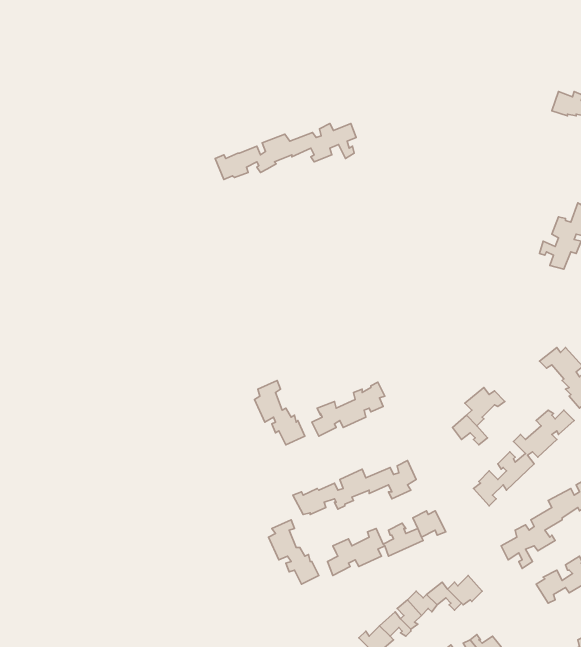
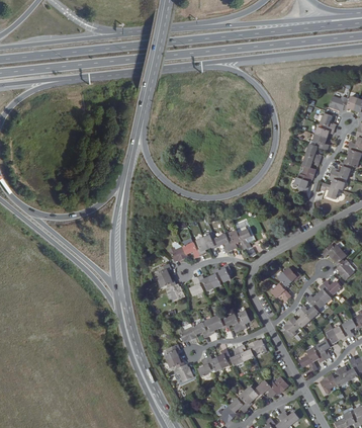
building: none -> [294,113,336,192]
building: [215,124,356,179] -> [169,229,251,261]

